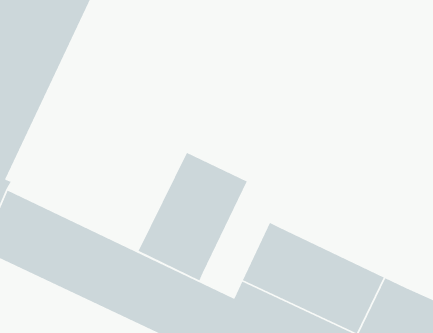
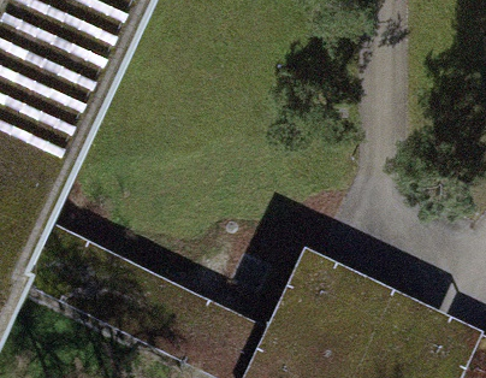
building: [137,152,248,281] -> none

